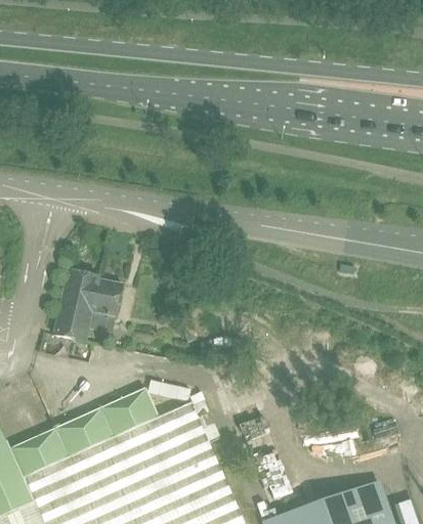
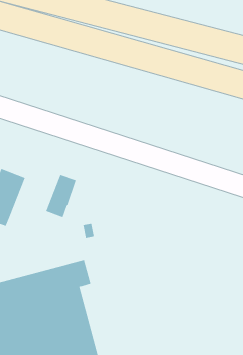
building: [89,278,123,336] -> [45,172,77,218]

